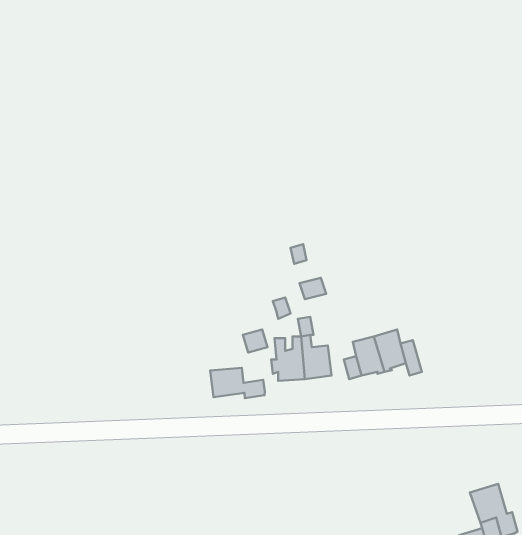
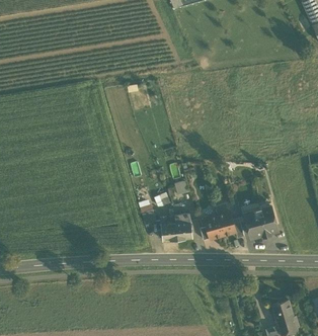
building: none -> [244,205,277,238]
building: [210,368,265,398] -> none

